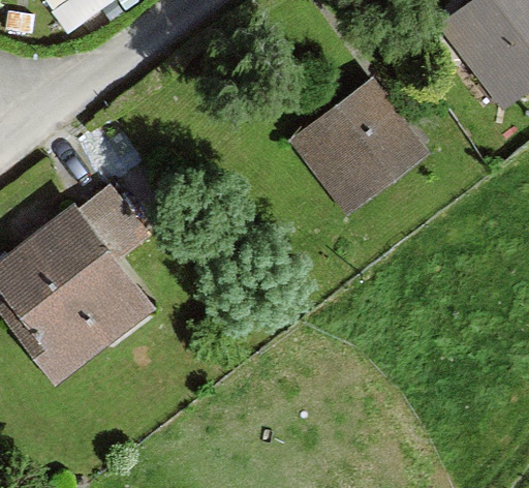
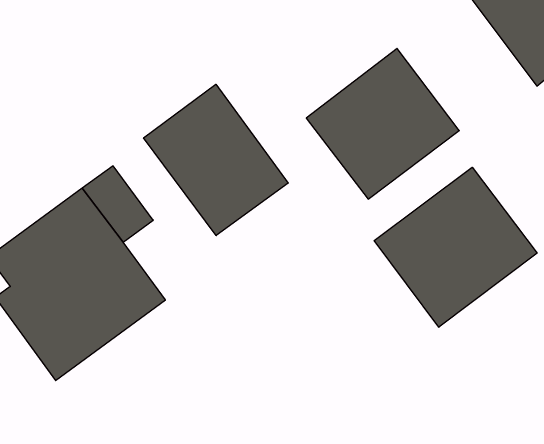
building: none -> [144,84,288,236]
building: none -> [374,167,537,327]

